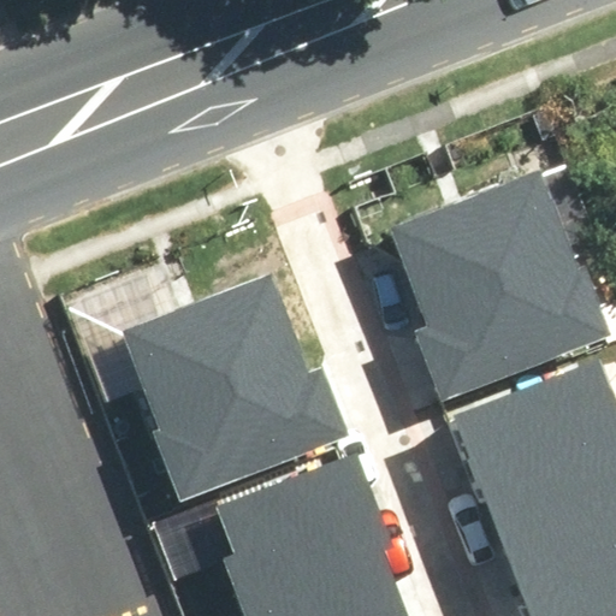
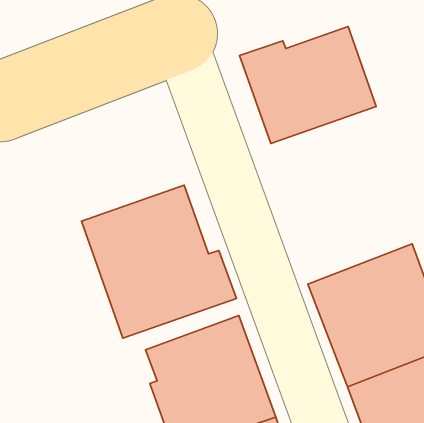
building: none -> [239,27,376,144]
building: [397,172,603,396] -> none

